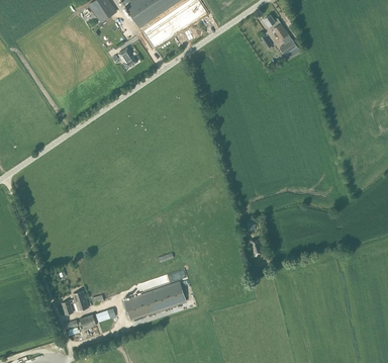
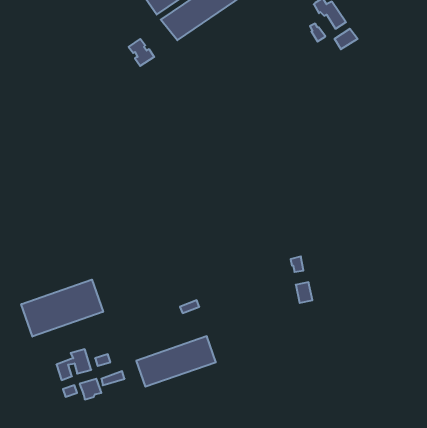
building: none -> [21,280,103,337]

